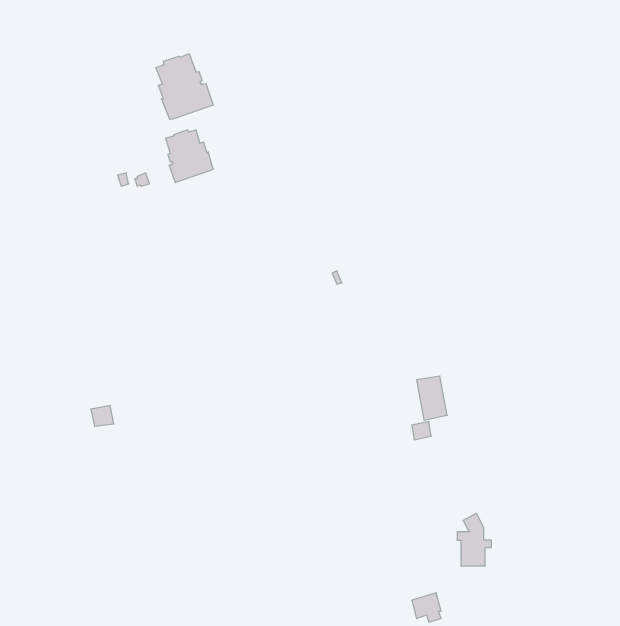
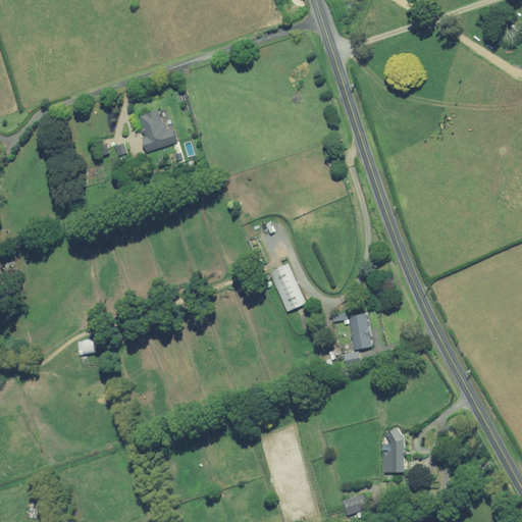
building: [156,54,213,120] -> none
building: none -> [269,263,305,311]

